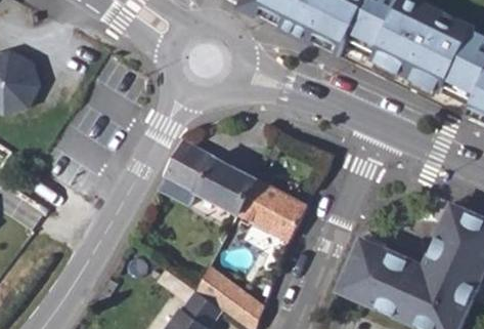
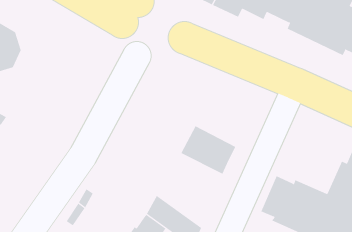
building: [164,140,257,213] -> none

